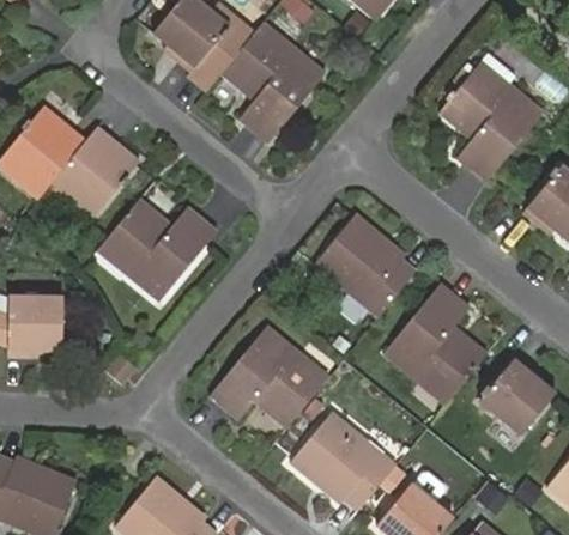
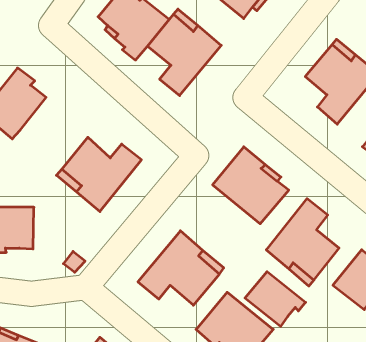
building: [47,130,139,223] -> none
building: none -> [245,272,306,326]

